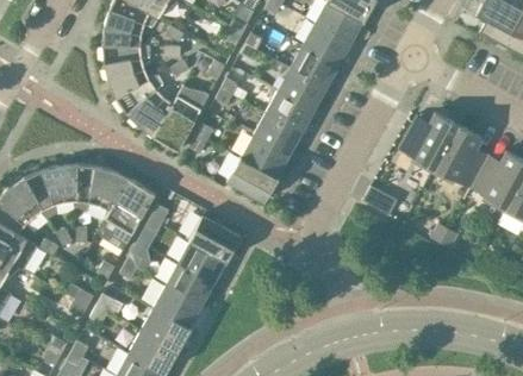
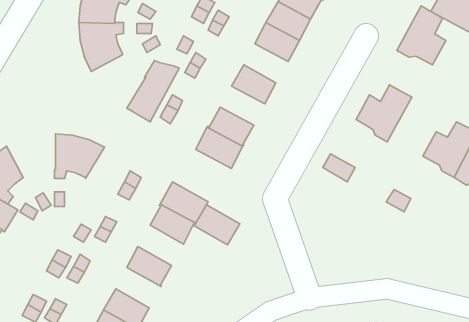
building: [279,68,326,109] -> none
building: [116,74,174,137] -> none
building: [254,113,301,155] -> none
building: [432,125,485,188] -> [397,6,446,65]
building: [25,164,77,219] -> none
building: [105,178,155,244] -> none
building: [166,262,214,305] -> [194,205,240,245]
building: [142,307,191,350] -> none

